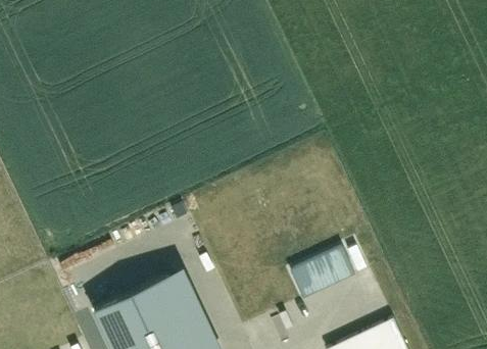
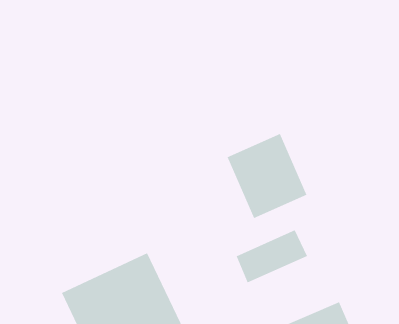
building: none -> [227,133,307,219]

